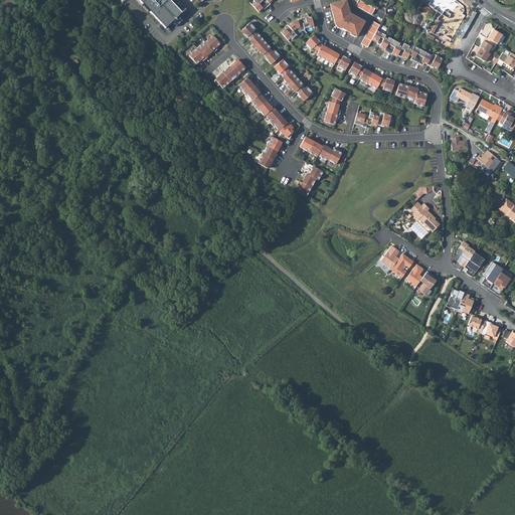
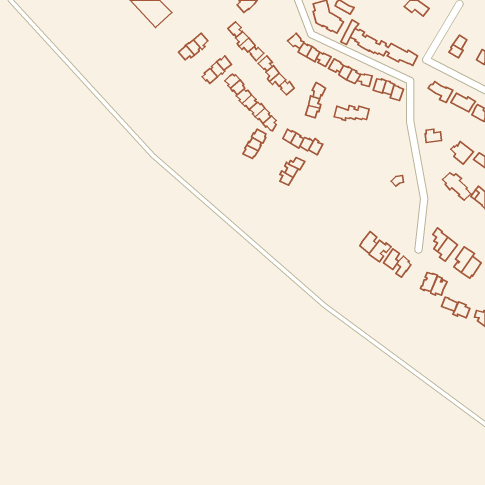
building: [281,14,314,40] -> none
building: [409,202,440,231] -> [442,173,471,200]

